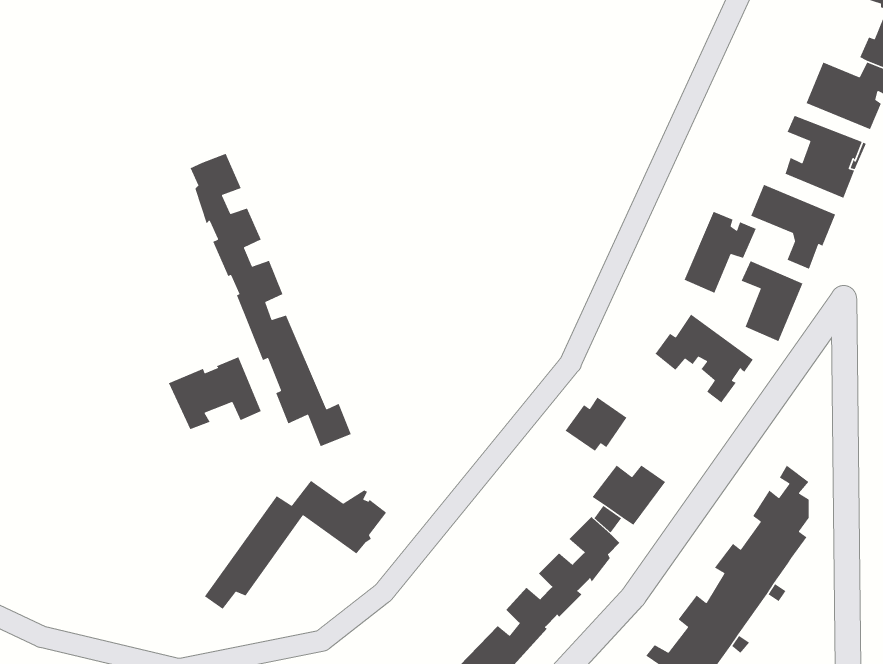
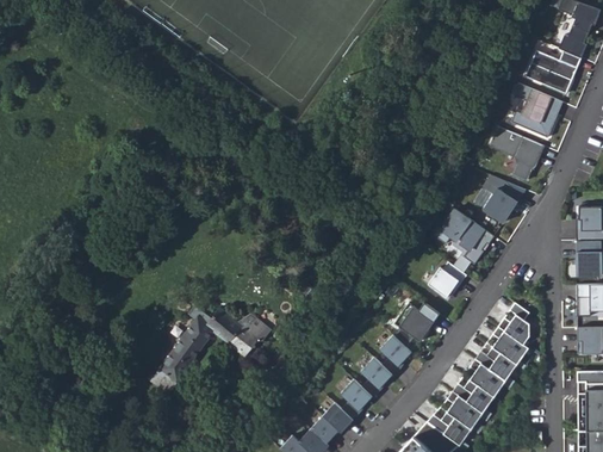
building: [190,153,352,447] -> none
building: [684,211,757,294] -> none
building: [168,356,262,430] -> none
building: [565,397,628,452] -> [428,261,467,296]

